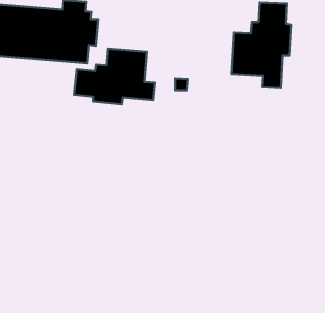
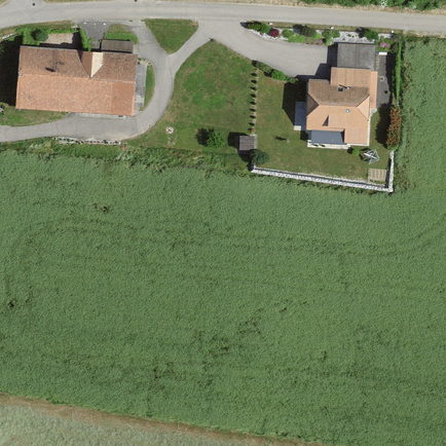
building: [74,49,155,104] -> none

